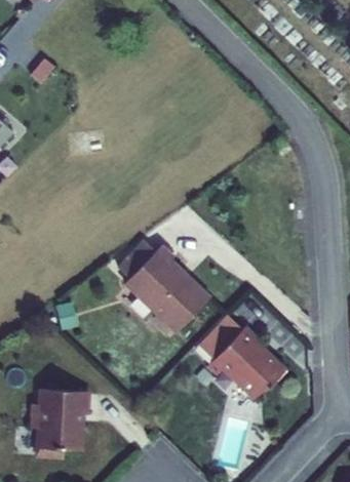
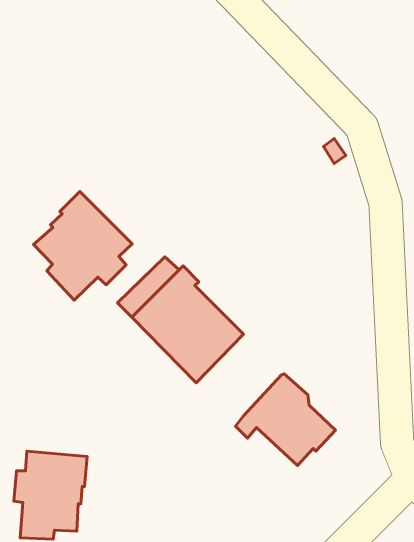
building: none -> [34,191,132,300]
building: [195,312,242,359] -> none

